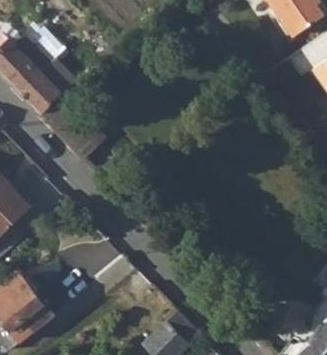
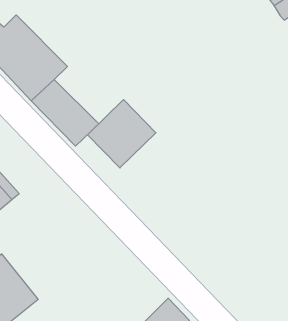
building: none -> [88,100,156,168]

